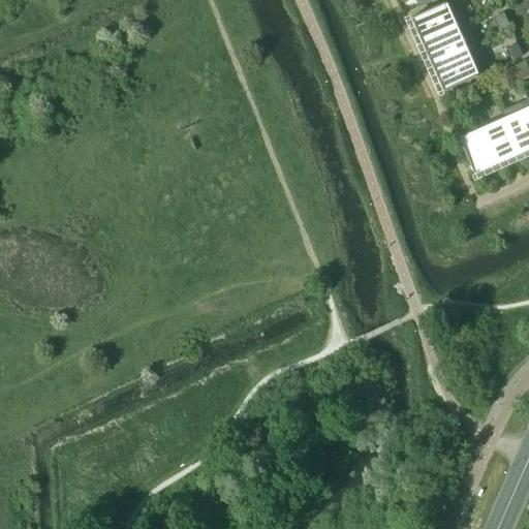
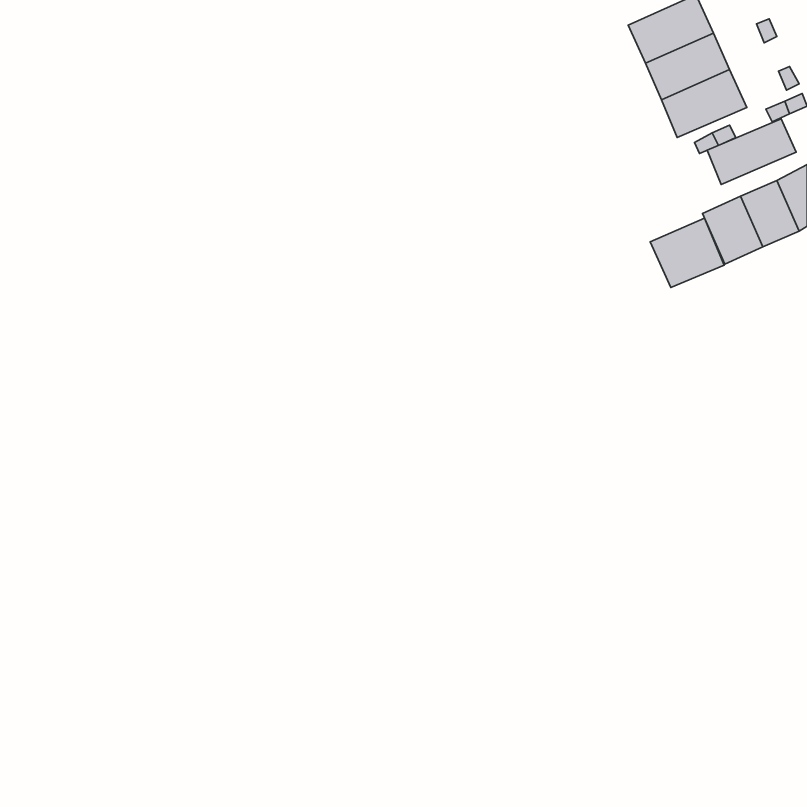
building: none -> [707,119,796,185]
building: none -> [650,218,724,288]

